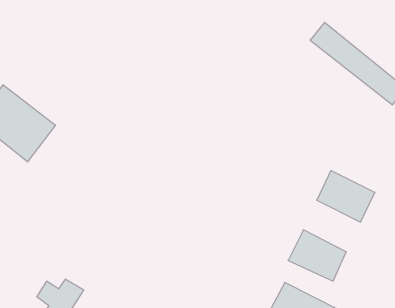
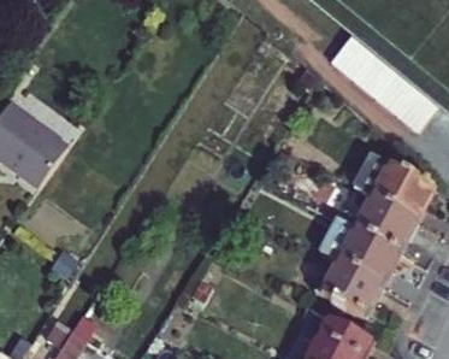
building: none -> [350,152,432,217]
building: none -> [319,217,401,282]

